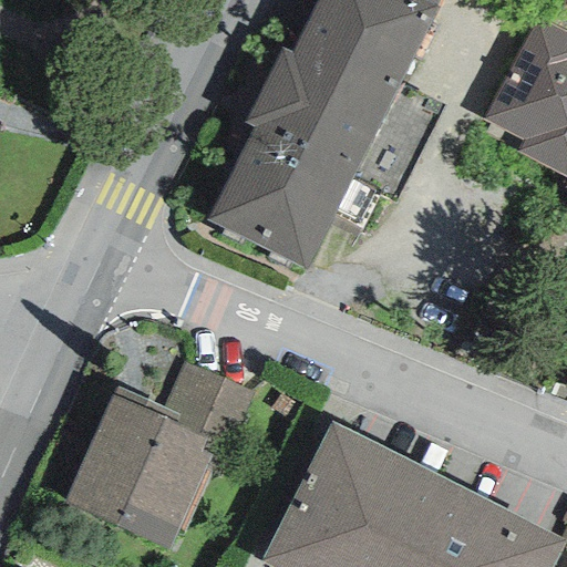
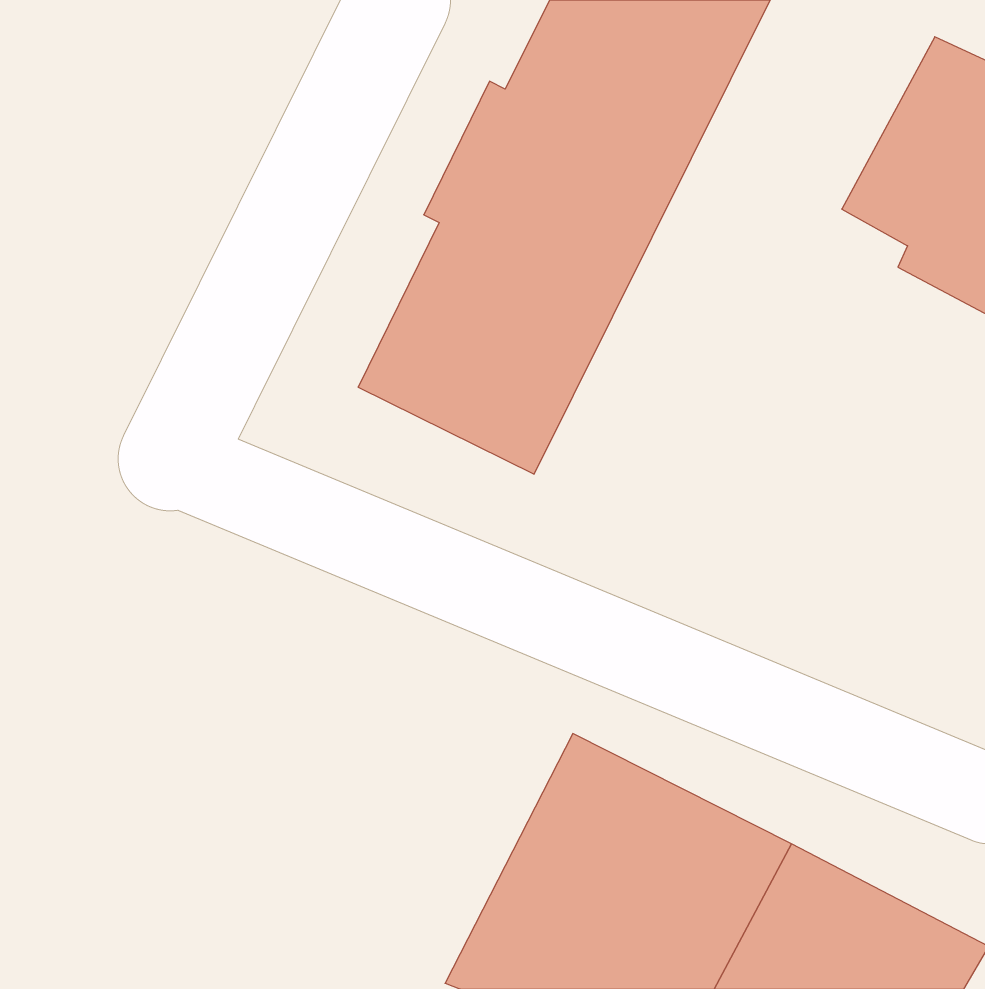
building: [65,363,255,551] -> none

